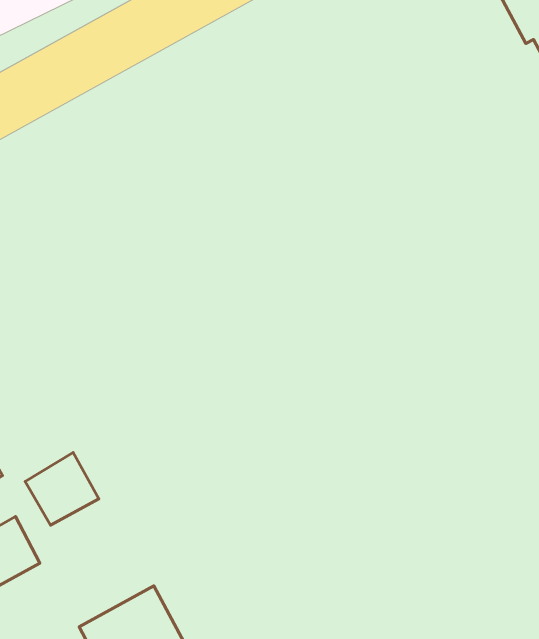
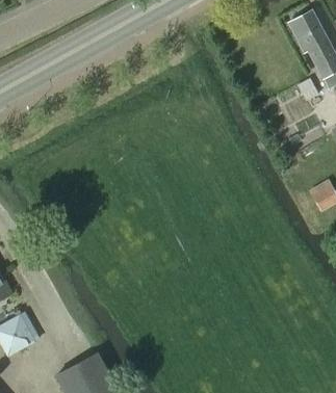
building: [25,453,99,525] -> none

